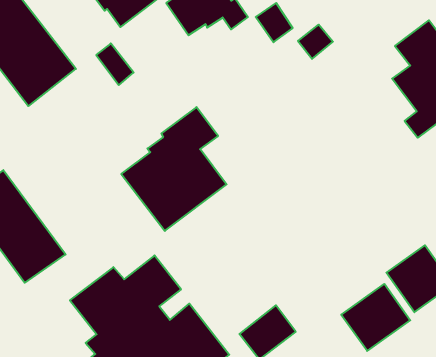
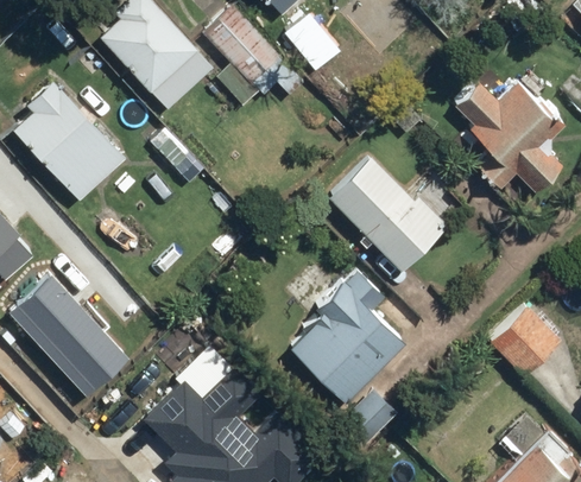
building: none -> [323,154,448,274]
building: [121,107,227,231] -> [288,268,403,406]
building: [341,284,410,351] -> none

